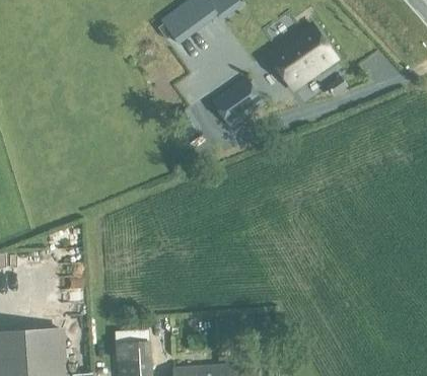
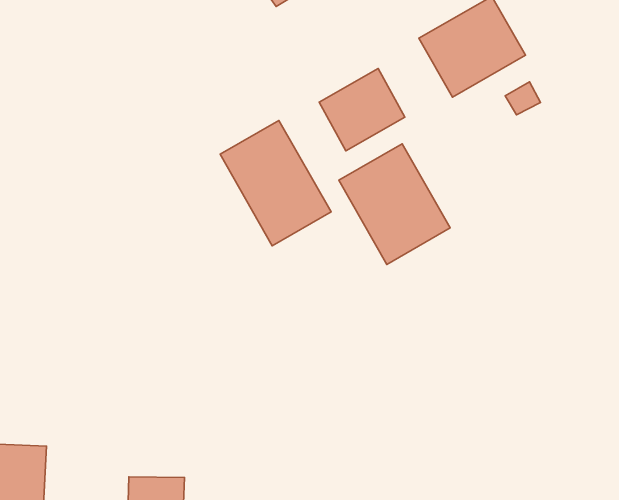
building: none -> [220,120,331,246]
building: none -> [339,144,450,264]

